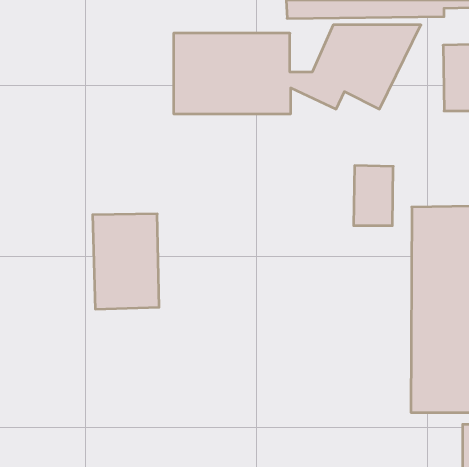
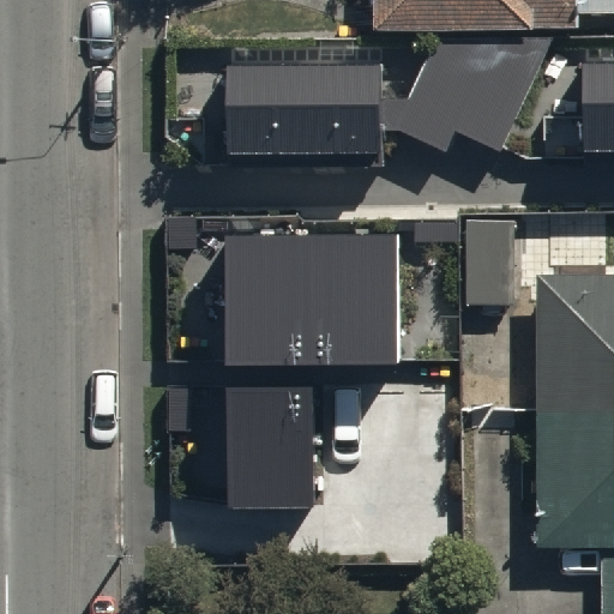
building: none -> [225,234,396,361]
building: [93,214,159,309] -> [227,380,313,504]

